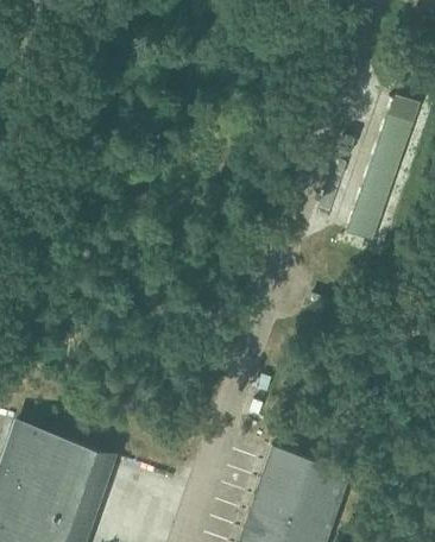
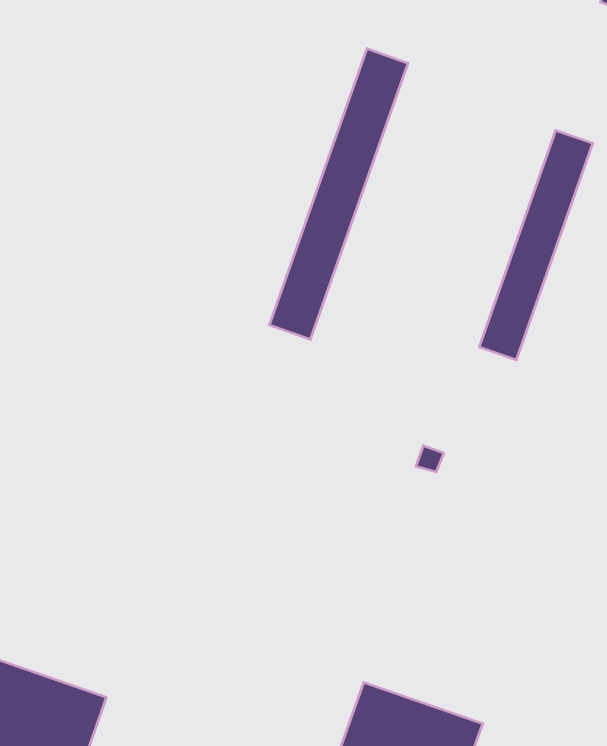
building: none -> [269,48,408,340]

